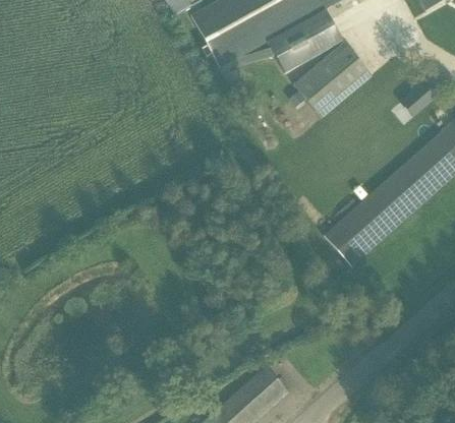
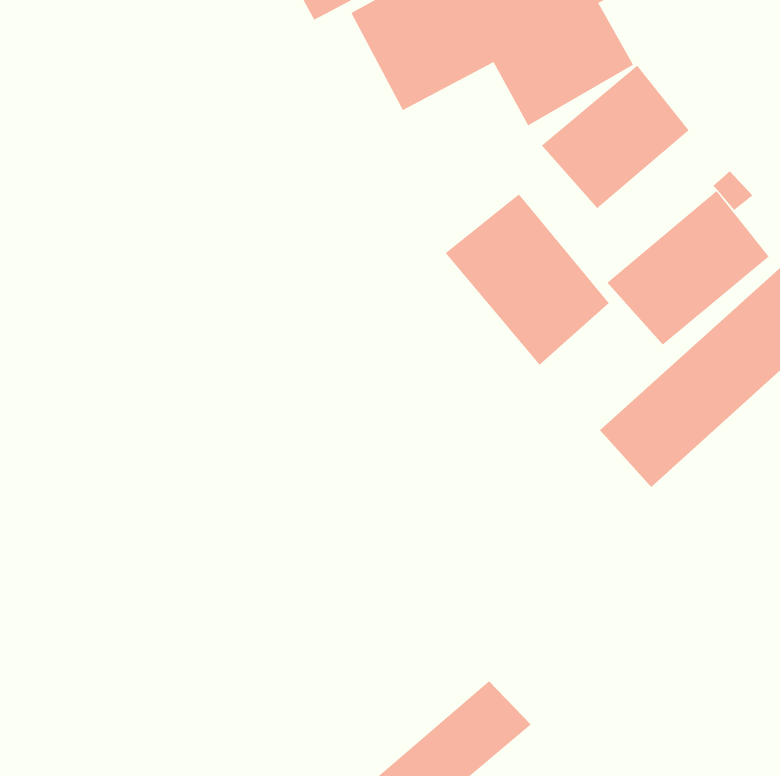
building: none -> [606,190,770,345]
building: none -> [445,194,610,365]

